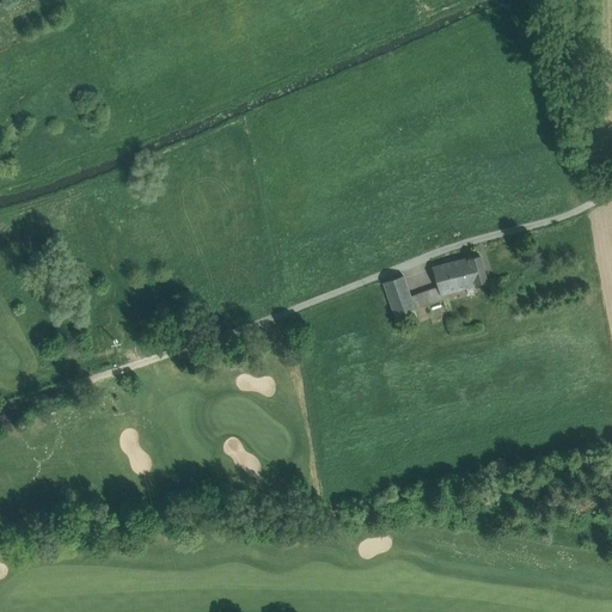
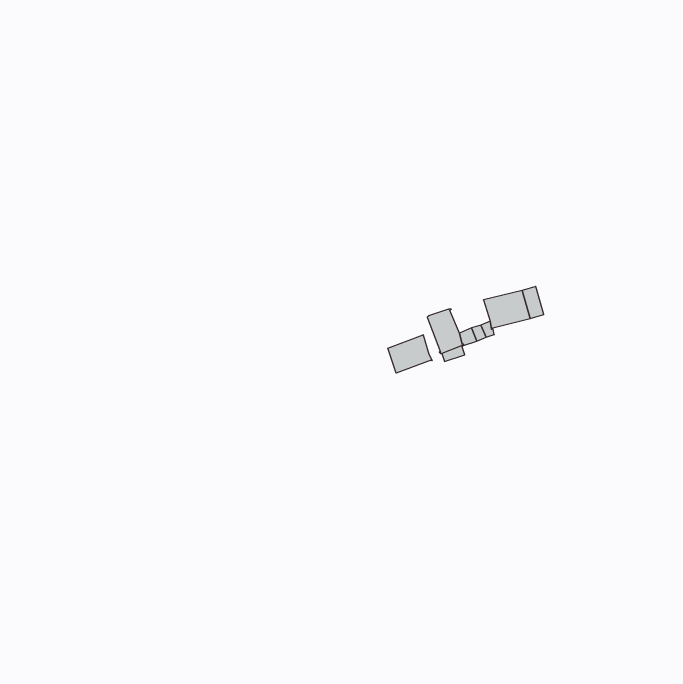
building: none -> [388,335,432,373]

